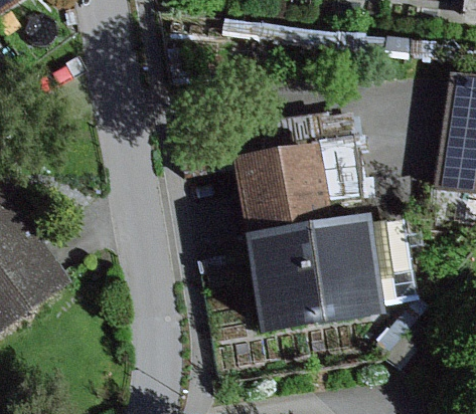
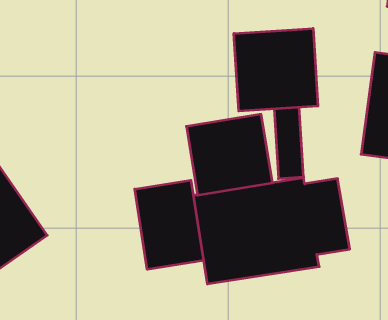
building: none -> [234,28,318,111]
building: none -> [135,180,203,269]

